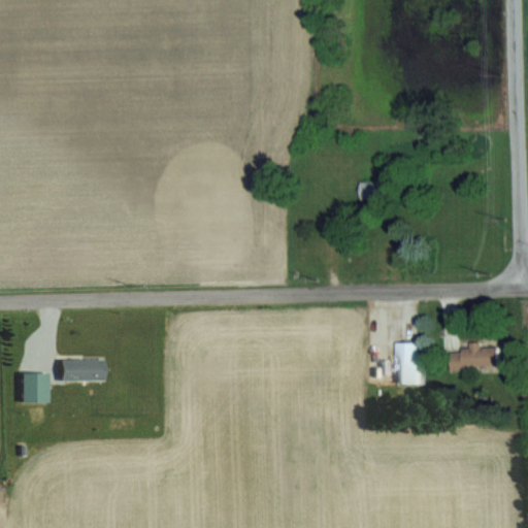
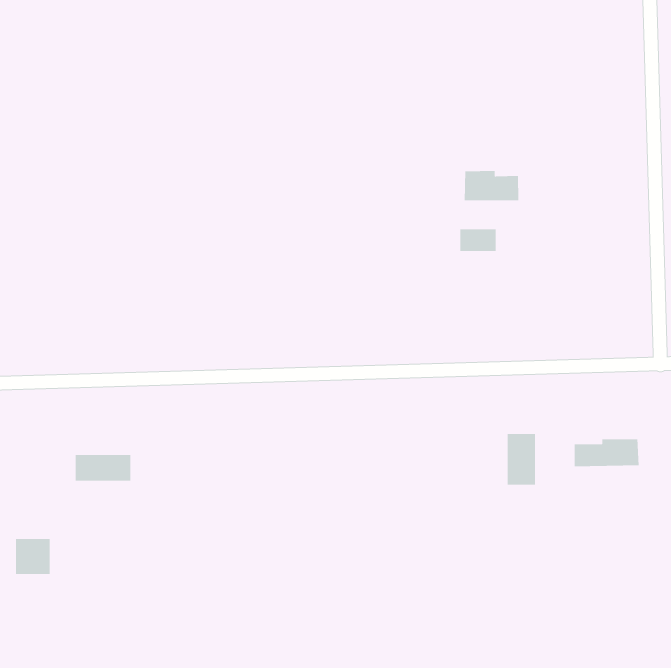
building: none -> [464,170,519,201]
building: [20,373,47,402] -> [15,538,51,575]

